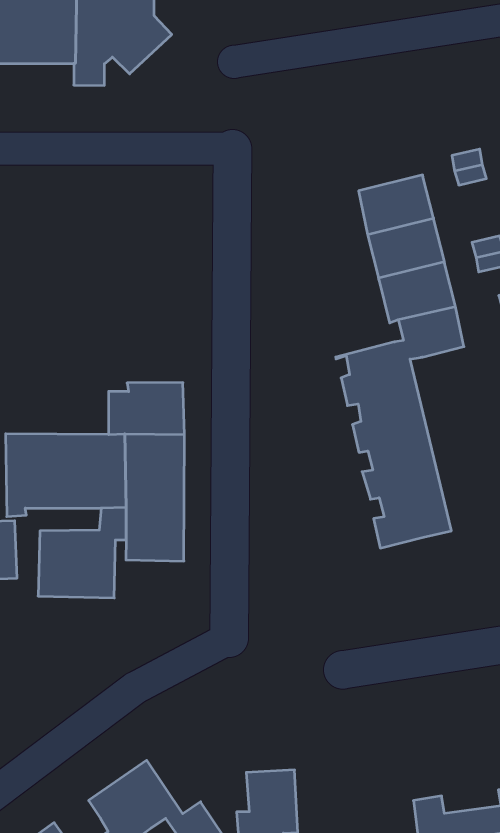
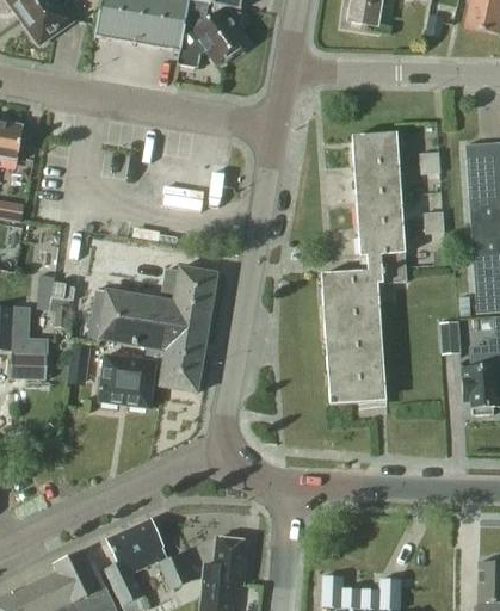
building: none -> [351,132,397,166]

